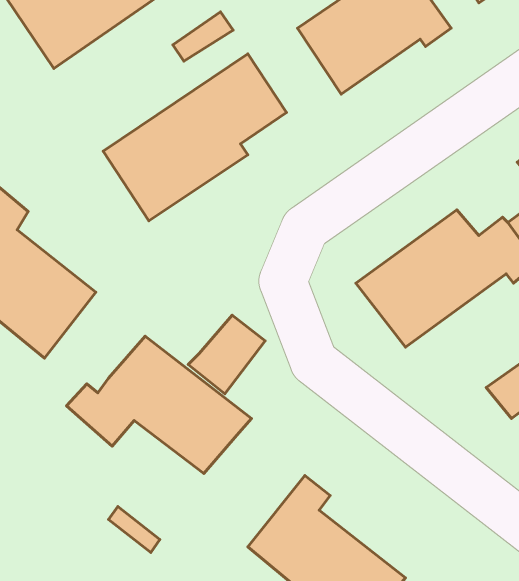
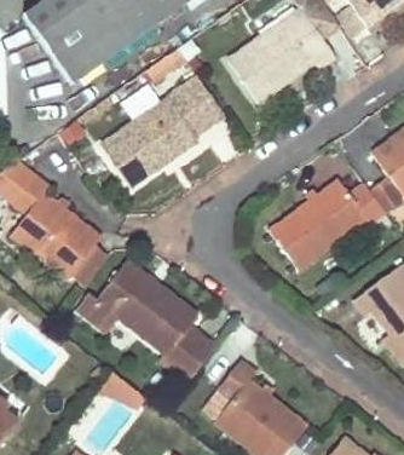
building: [188,315,265,394] -> [161,329,212,381]

